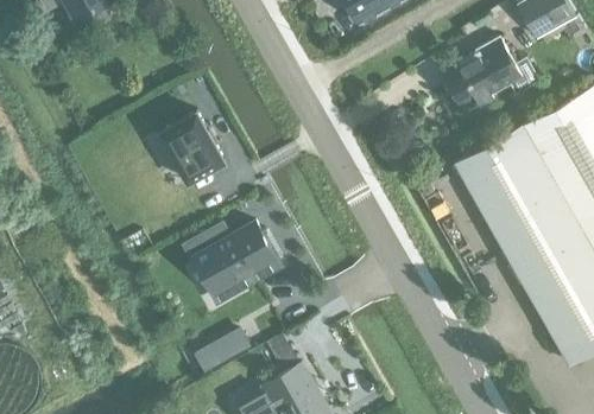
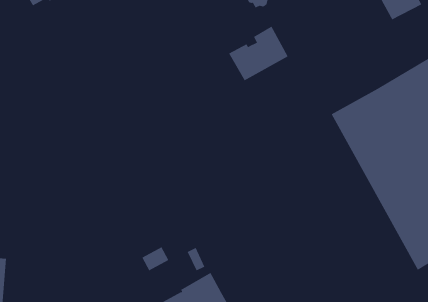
building: [443,38,520,109] -> [228,26,288,81]
building: [159,113,225,184] -> none
building: [187,223,278,292] -> none

